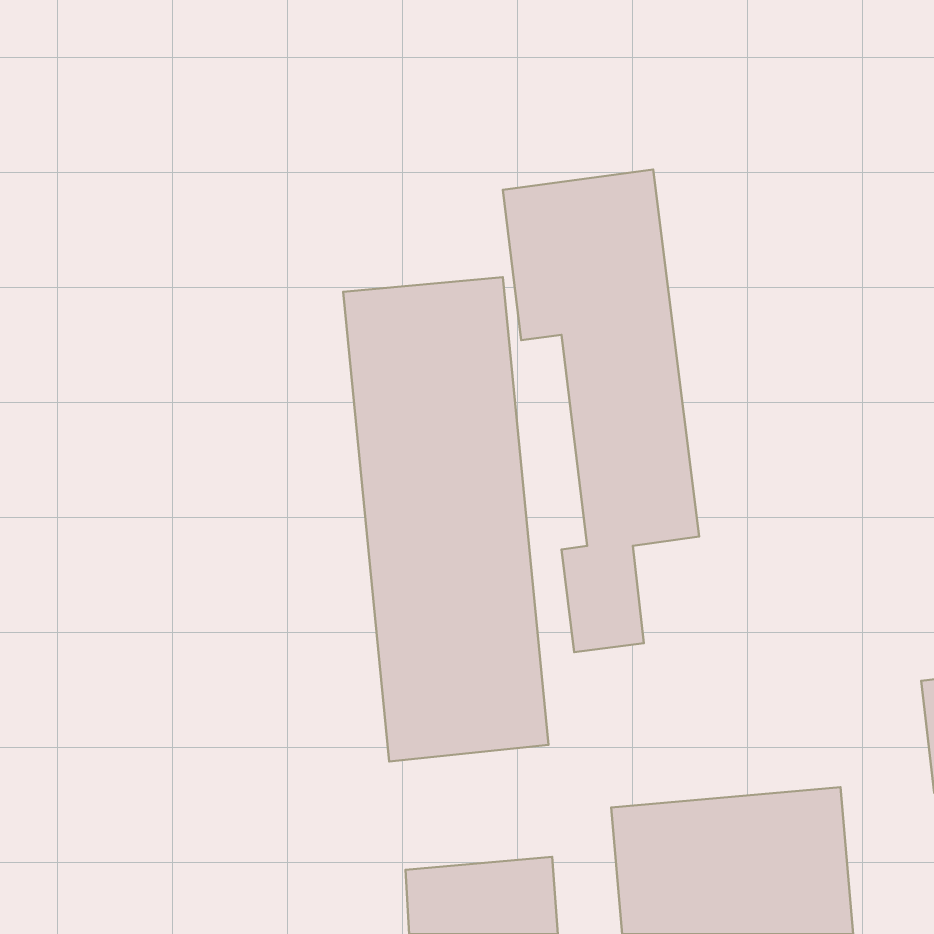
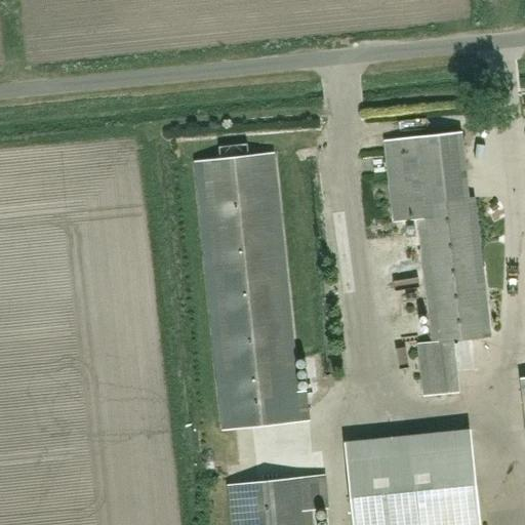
building: [503,170,699,652] -> [382,130,492,400]

